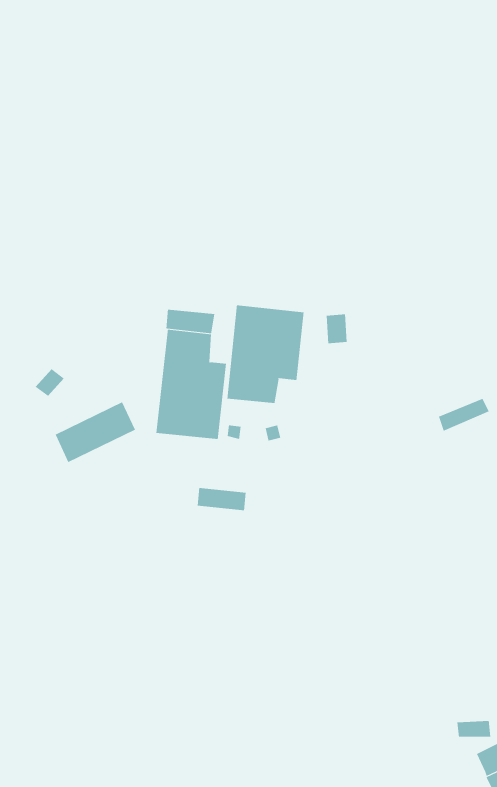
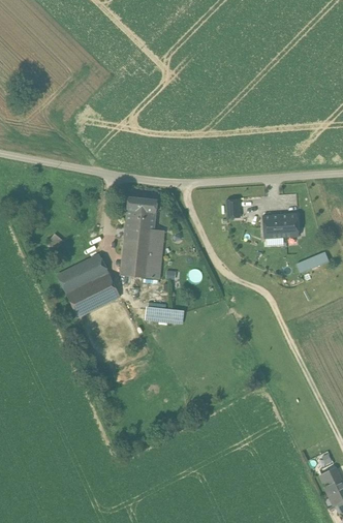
building: [227,304,304,404] -> none
building: none -> [262,213,299,238]
building: none -> [65,272,120,316]

